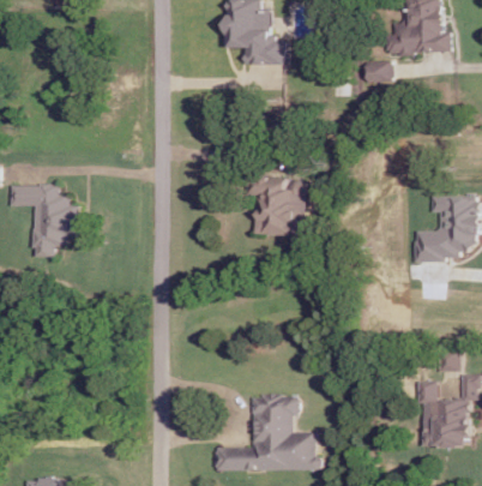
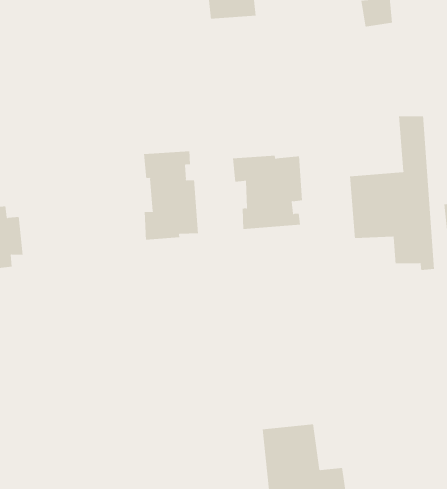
building: none -> [349,115,434,271]
building: none -> [144,151,198,240]

